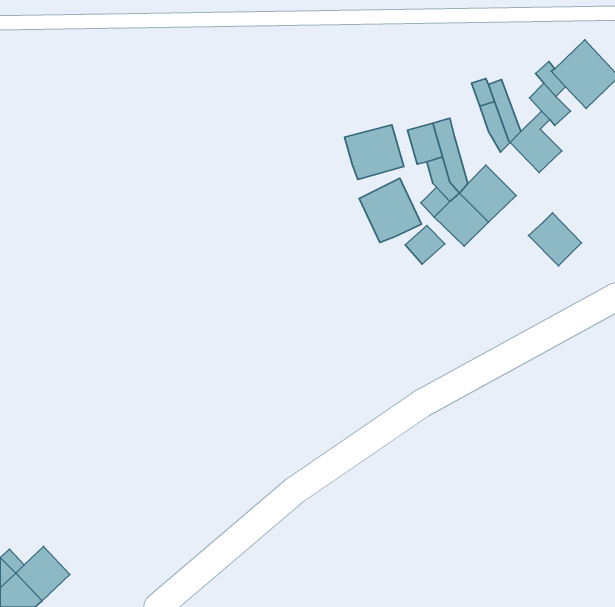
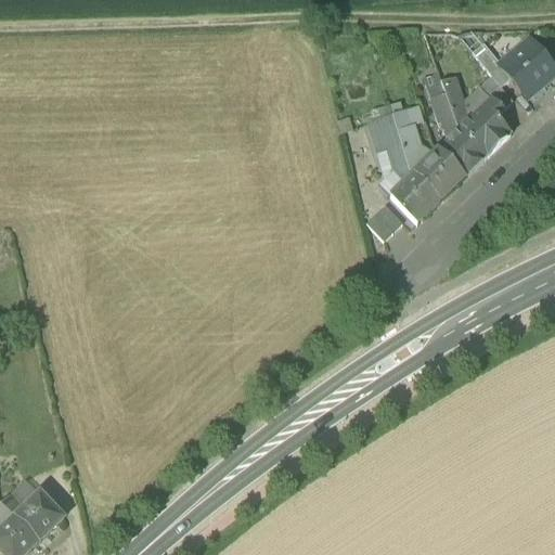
building: [345,125,404,180] -> none
building: [359,178,421,243] -> none
building: [528,213,581,266] -> [438,128,486,176]

